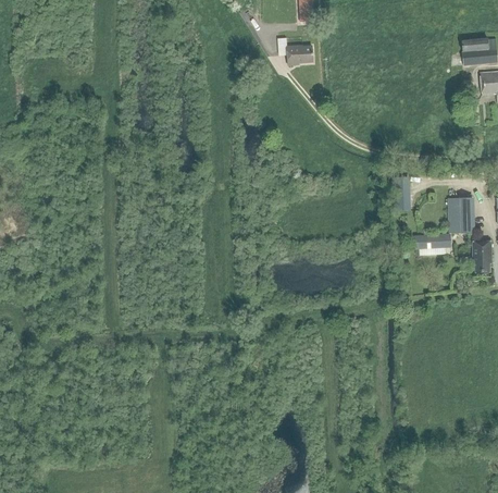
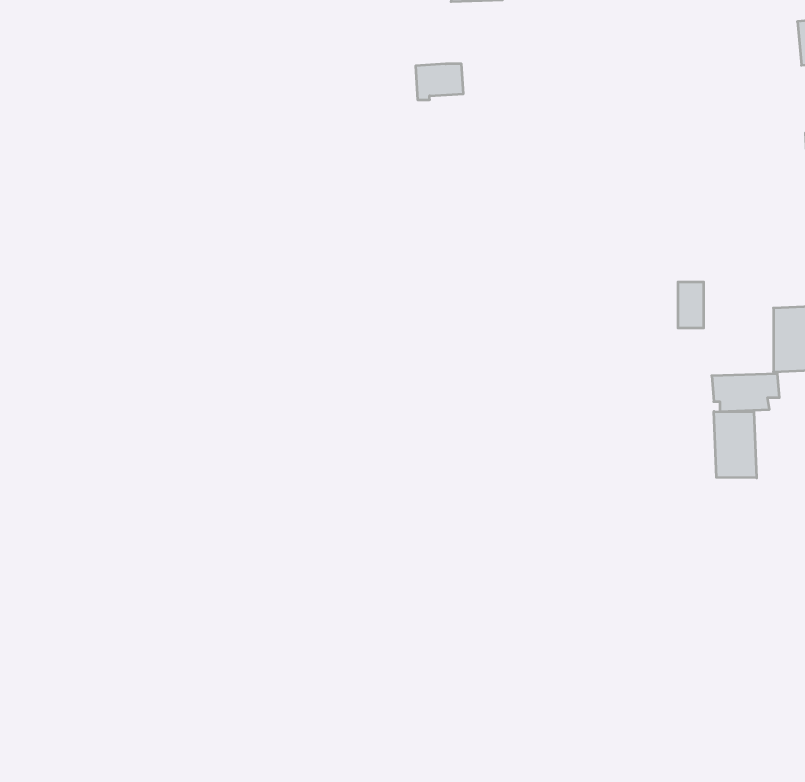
building: [287,45,313,64] -> [416,64,463,100]
building: none -> [714,411,757,478]

